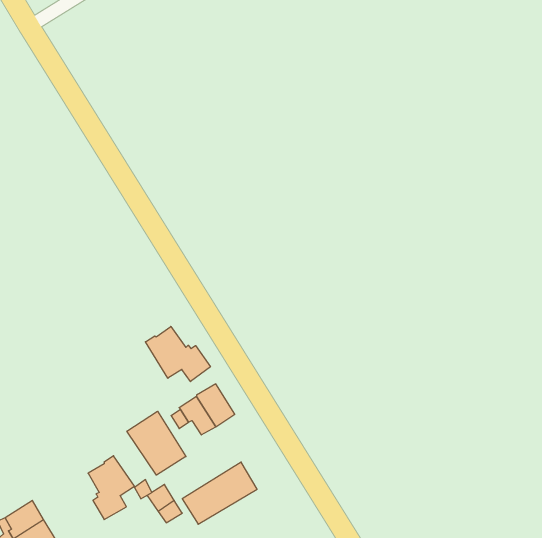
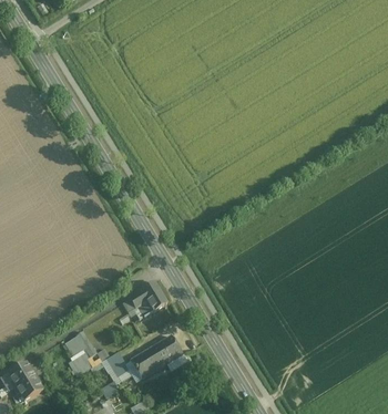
building: [145,326,210,382] -> none
building: [127,411,186,475] -> none

